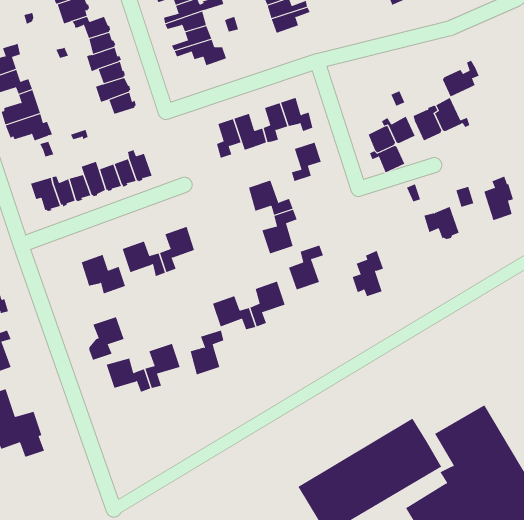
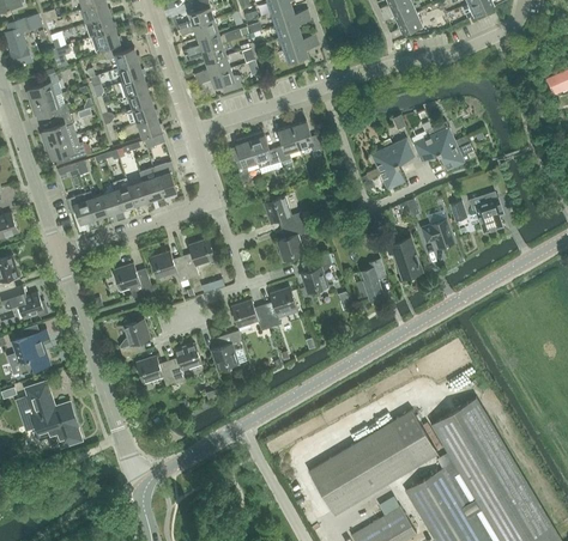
building: [442,60,479,97] -> [440,136,473,170]
building: [291,142,321,182] -> none
building: none -> [385,233,422,276]

